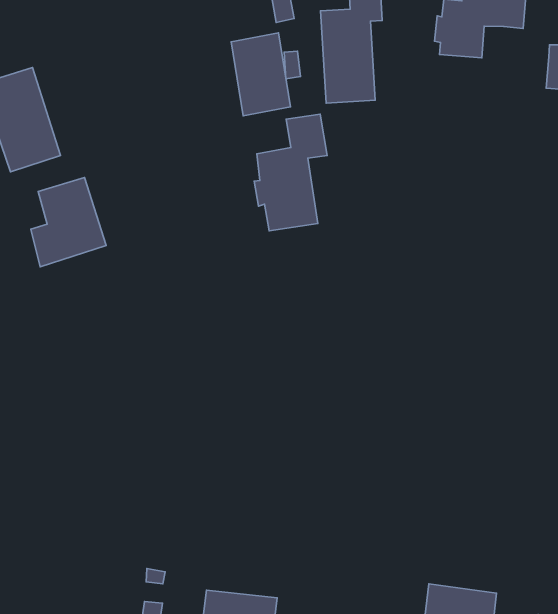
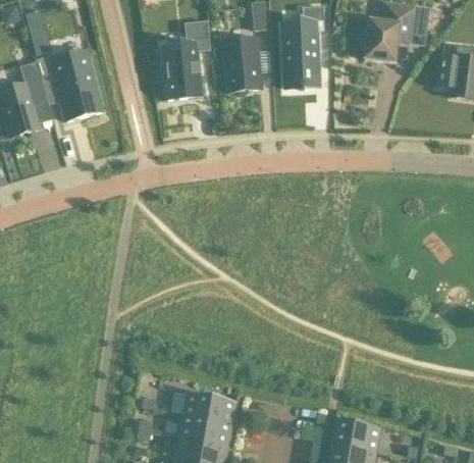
building: [254,114,327,231] -> [160,20,211,98]
building: [31,178,106,267] -> none
building: none -> [183,391,238,421]

